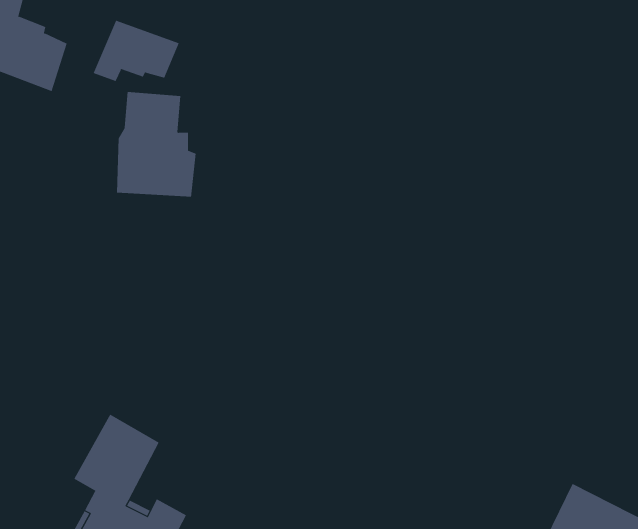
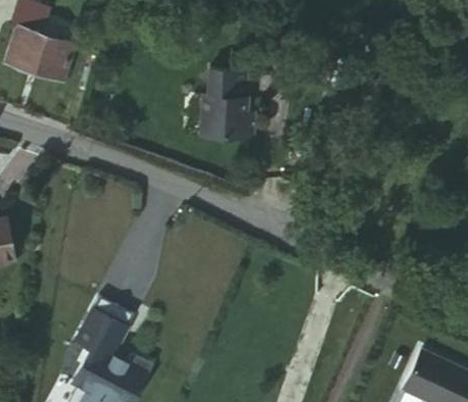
building: [93,20,180,82] -> none
building: [116,91,196,197] -> [207,69,262,141]

